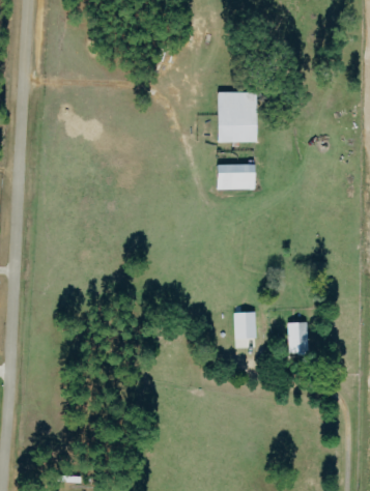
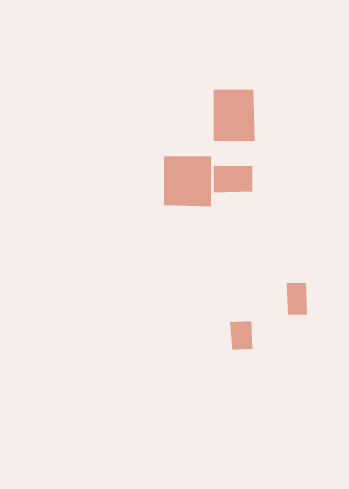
building: none -> [163,156,211,207]
building: [288,323,309,354] -> [286,282,308,315]

